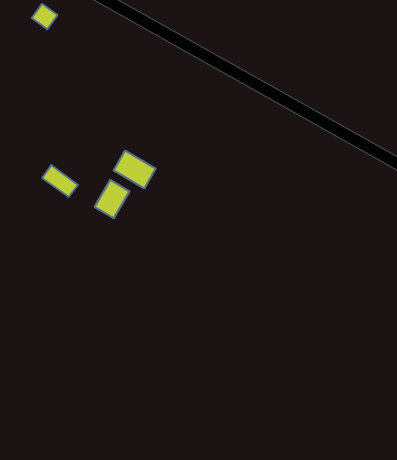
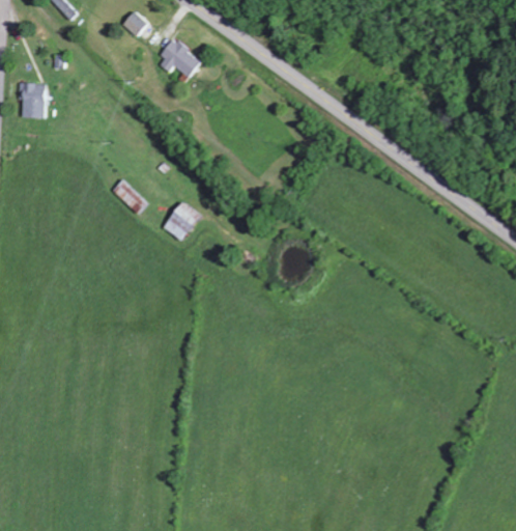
building: none -> [155,38,202,78]
building: [114,151,156,188] -> none

